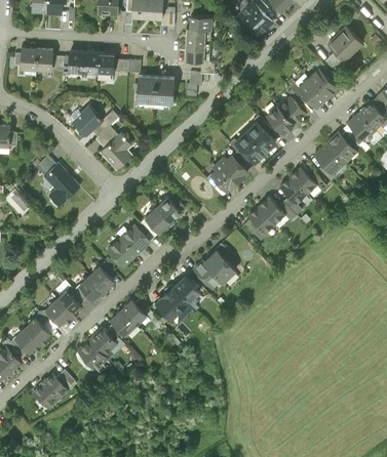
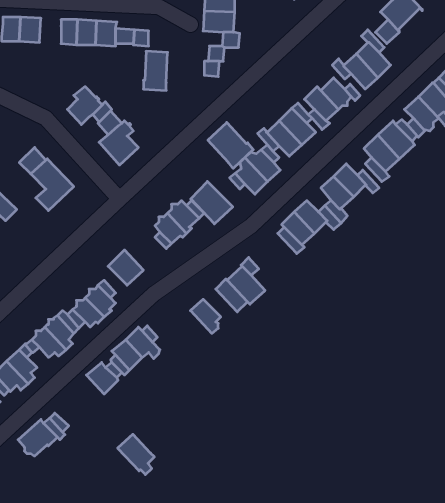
building: [154,78,173,102] -> none
building: none -> [208,122,253,168]
building: none -> [191,181,233,224]
building: [120,225,149,254] -> none
building: [156,286,191,319] -> none
building: [77,339,107,372] -> [118,434,154,475]

